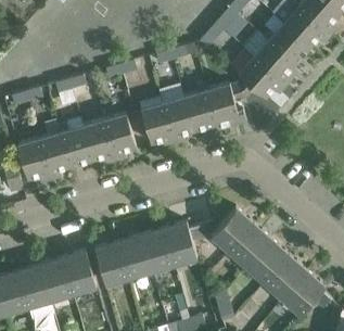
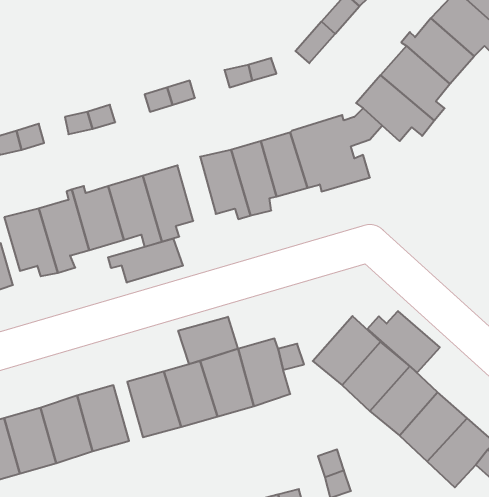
building: none -> [108,239,183,283]
building: none -> [368,311,440,373]
building: none -> [178,317,238,364]

